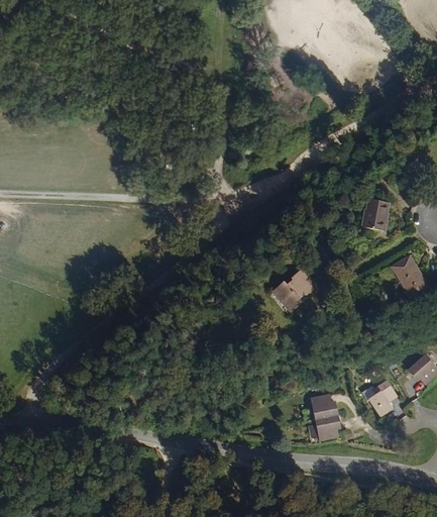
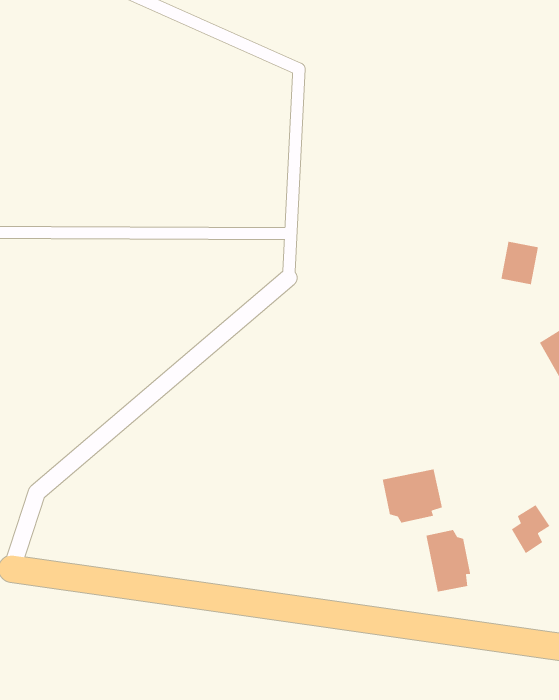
building: [267,266,313,309] -> none
building: none -> [382,469,443,523]

